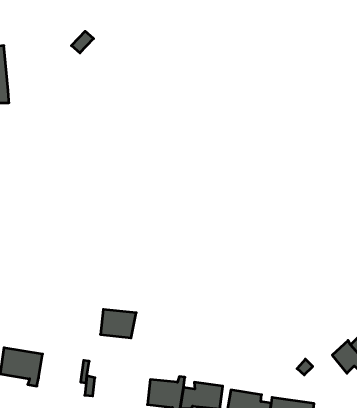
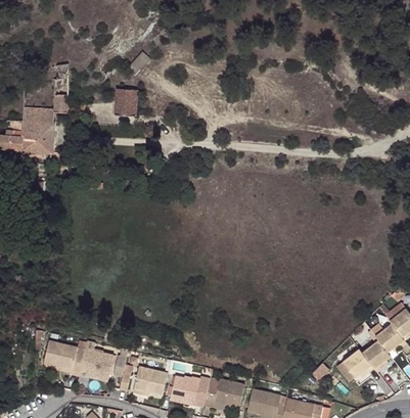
building: none -> [112,90,133,117]
building: [100,309,136,338] -> [130,361,164,388]
building: none -> [76,344,109,373]

